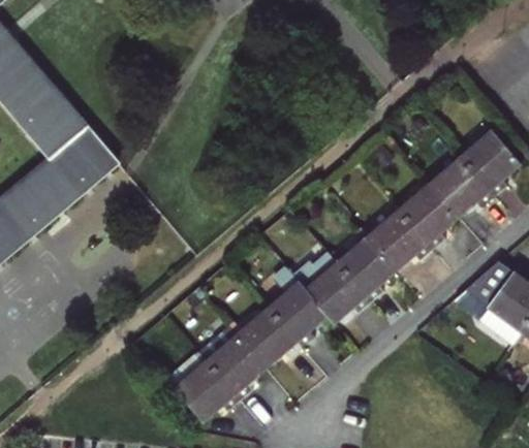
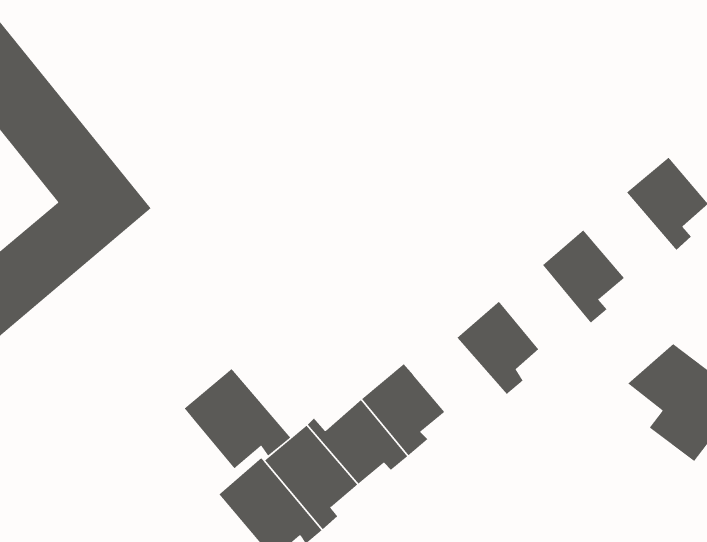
building: [431,153,498,215] -> none
building: [370,205,436,266] -> none
building: [308,258,375,319] -> none
building: none -> [184,368,291,469]

